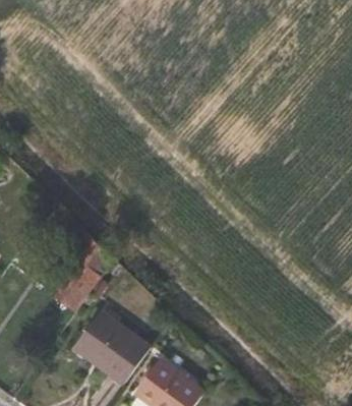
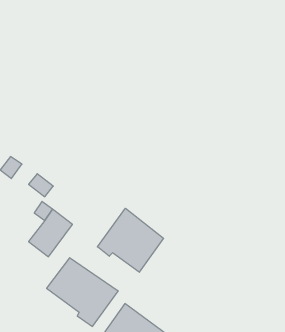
building: none -> [97,208,164,272]

